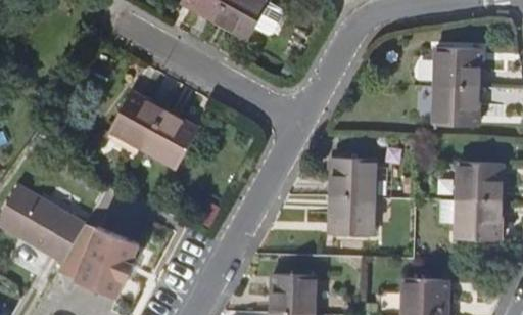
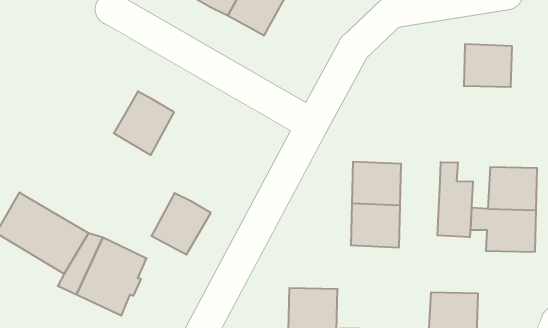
building: [432,86,478,126] -> none
building: [143,110,198,168] -> [151,193,211,255]
building: none -> [437,162,473,237]

